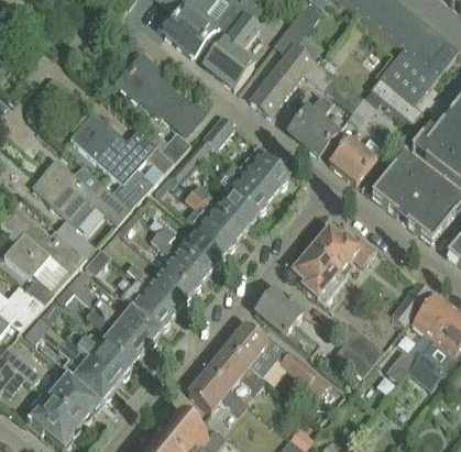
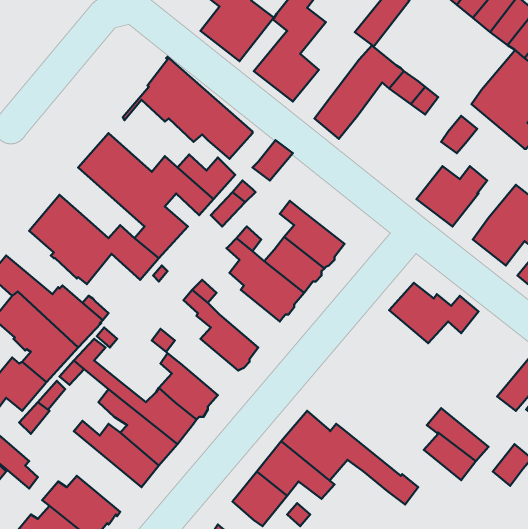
building: [289,93,337,154] -> none
building: [239,145,289,196] -> none
building: [178,231,224,275] -> none
building: [289,246,345,302] -> none
building: [149,268,193,311] -> none
building: [255,288,320,362] -> none
building: [58,339,119,400] -> none

